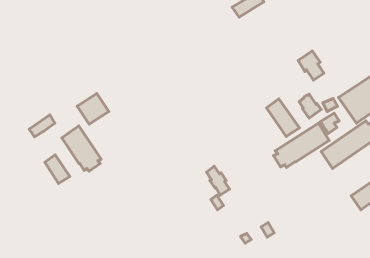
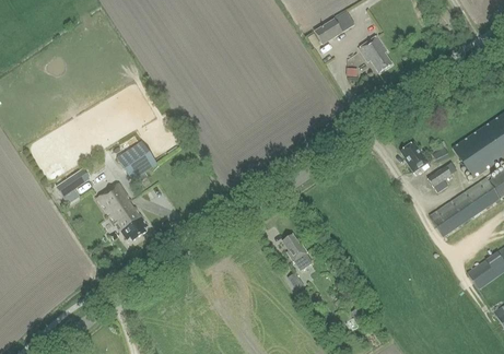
building: [298,51,324,80] -> [359,36,391,73]
building: [267,99,300,136] -> none
building: [274,123,329,168] -> none
building: [45,155,70,184] -> none

